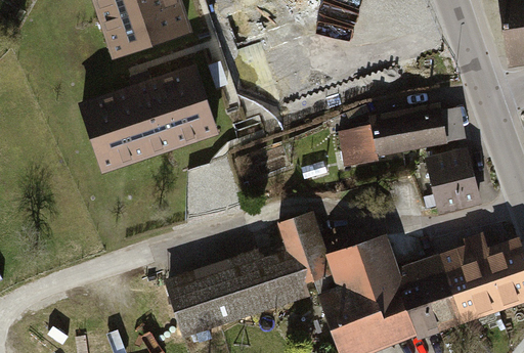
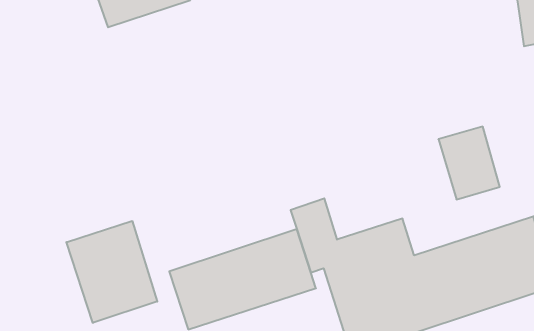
building: [75,59,214,168] -> none
building: [345,103,472,166] -> none
building: none -> [66,221,157,323]

